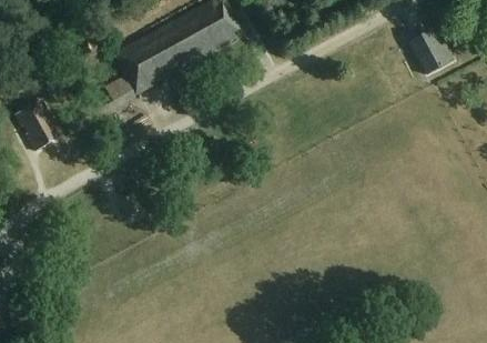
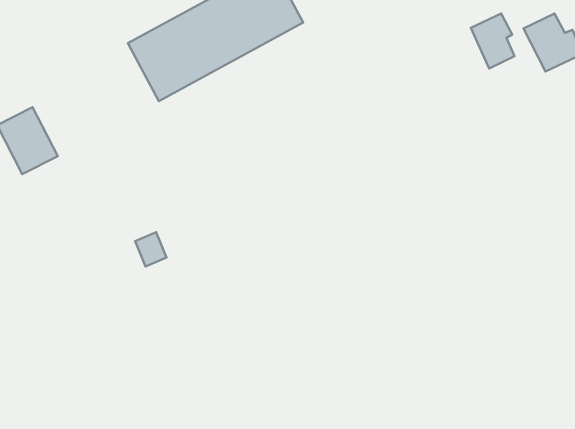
building: none -> [471,13,514,68]

